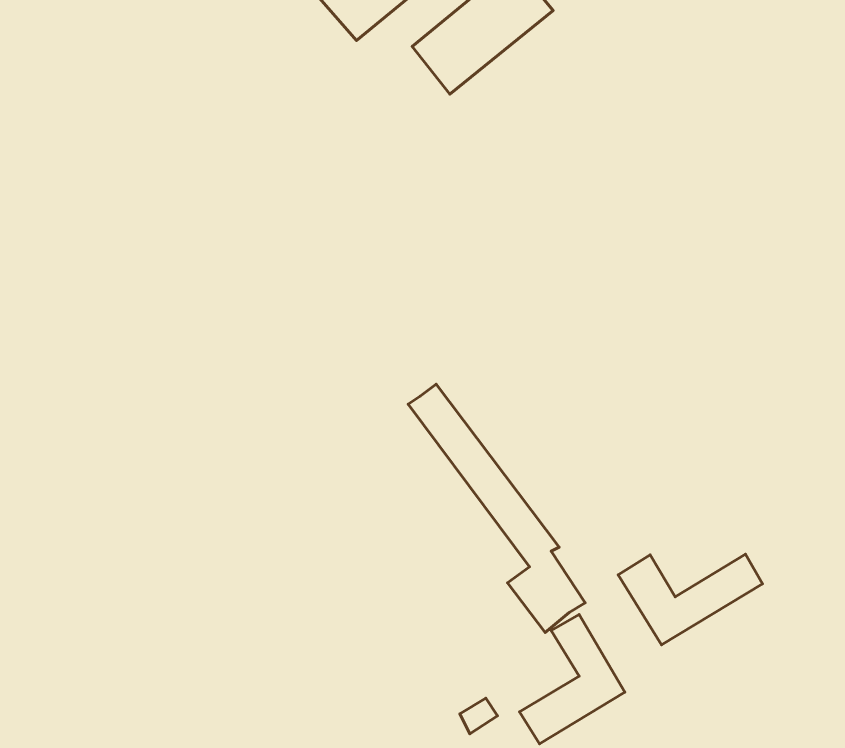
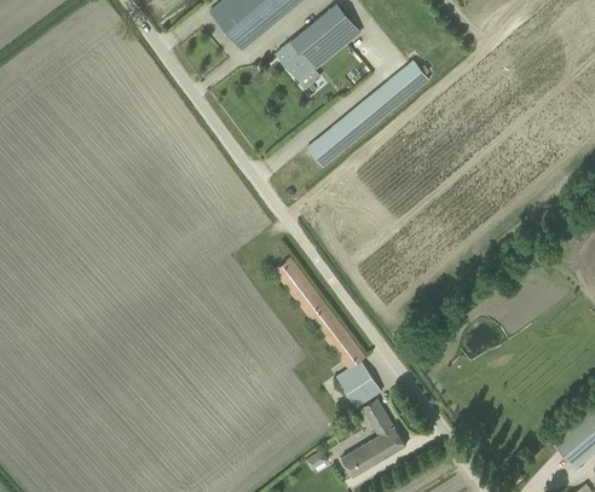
building: none -> [307,60,429,167]
building: [618,554,763,645] -> none

